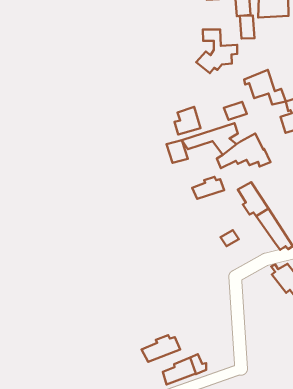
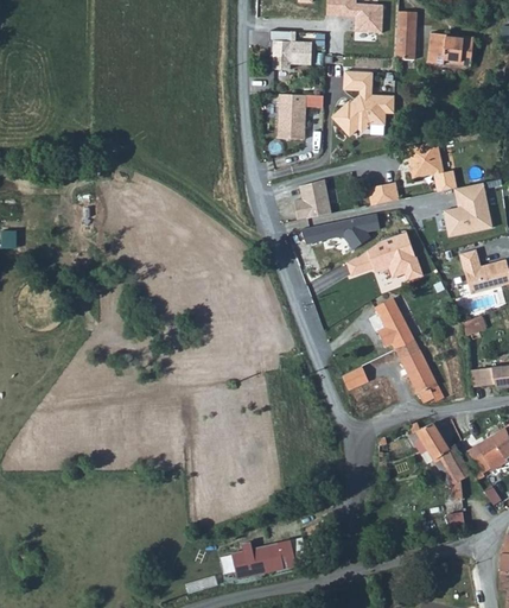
building: none -> [268,28,311,70]
building: [240,16,255,39] -> none
building: none -> [276,95,304,140]
building: [167,140,188,163] -> none
building: [192,177,224,199] -> none
building: [142,335,180,362] -> none

